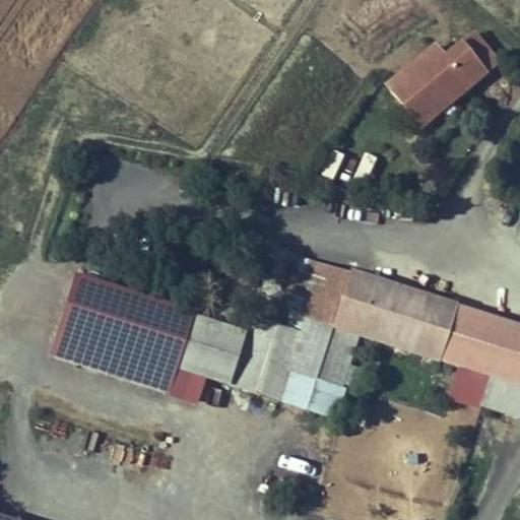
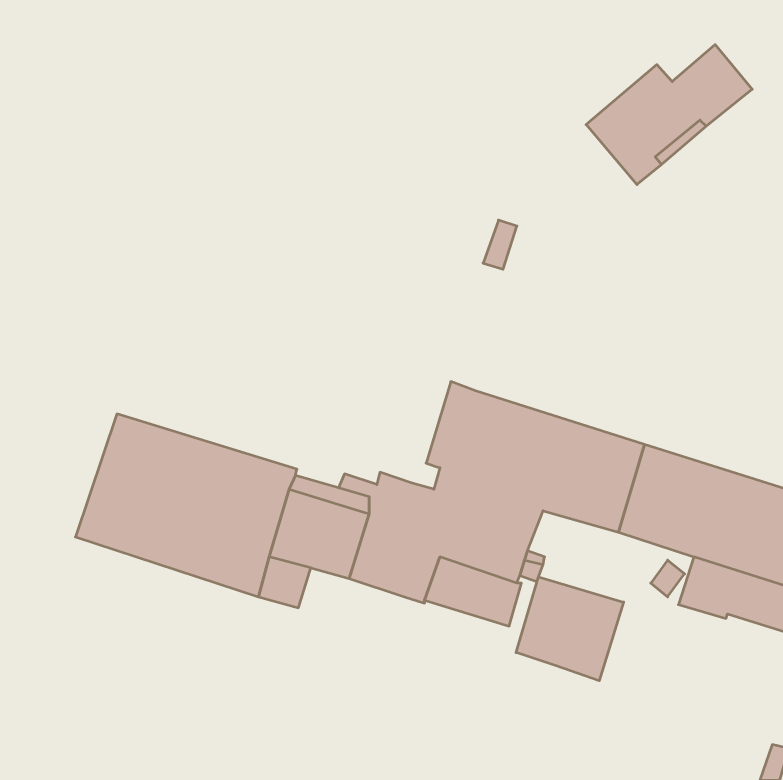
building: none -> [516,577,624,681]

